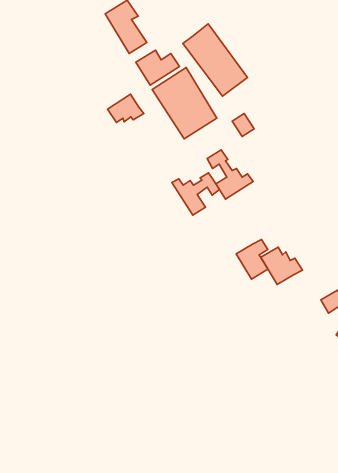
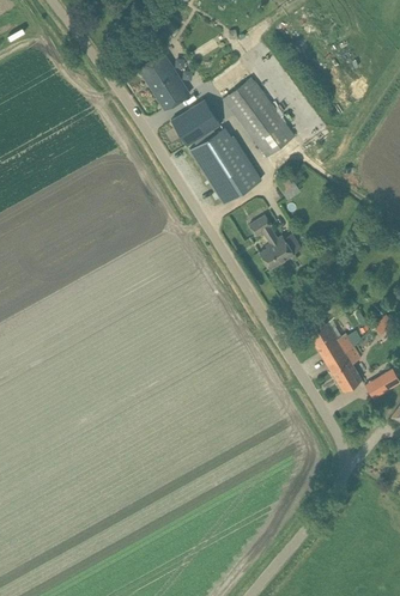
building: [107,94,144,122] -> none
building: [172,173,219,215] -> none
building: [236,240,268,279] -> [326,346,360,389]

